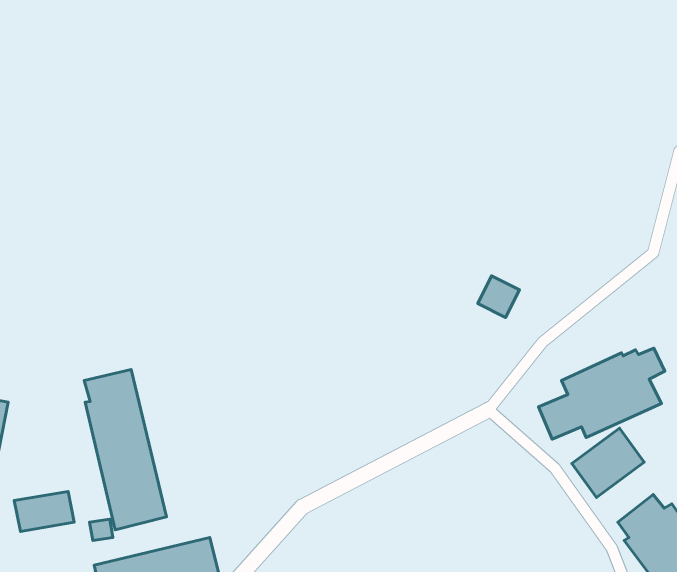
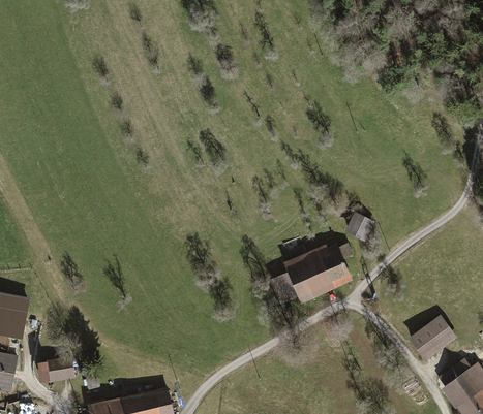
building: [538,348,665,439] -> [270,243,355,304]
building: [84,370,167,530] -> none

